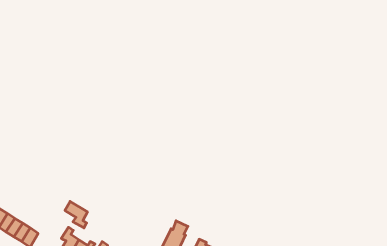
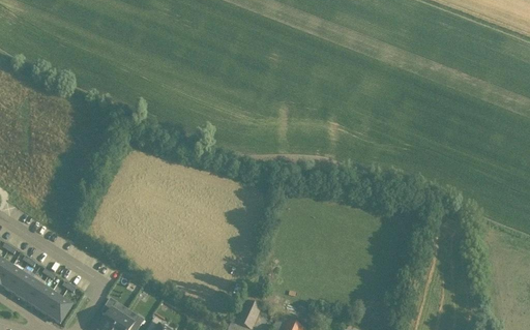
building: [65,201,87,228] -> none

